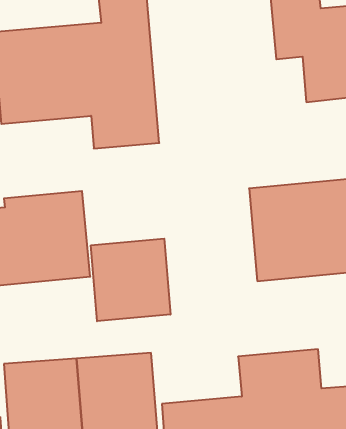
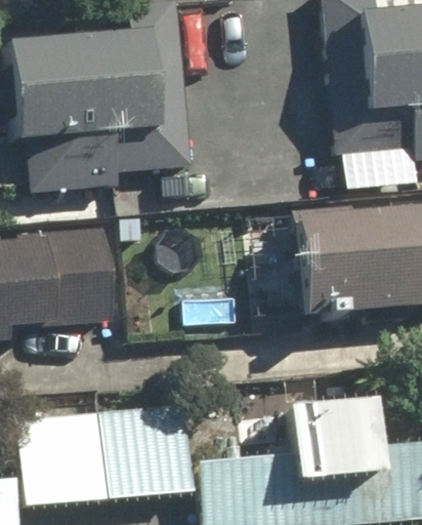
building: [91,239,170,321] -> none

